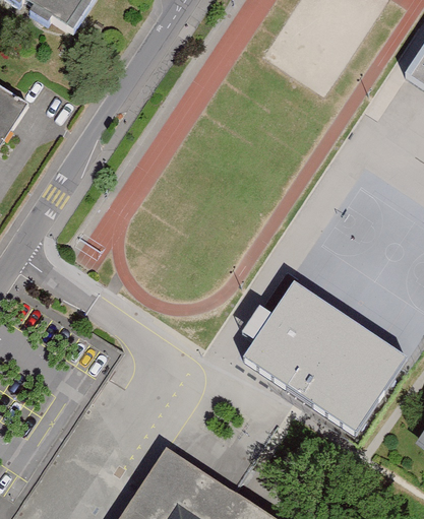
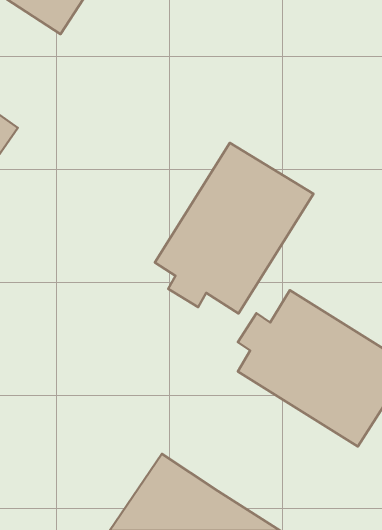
building: none -> [155,143,314,314]

